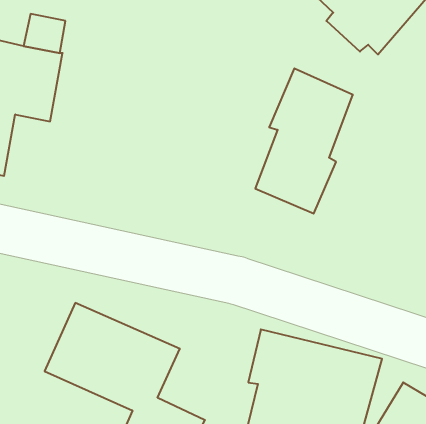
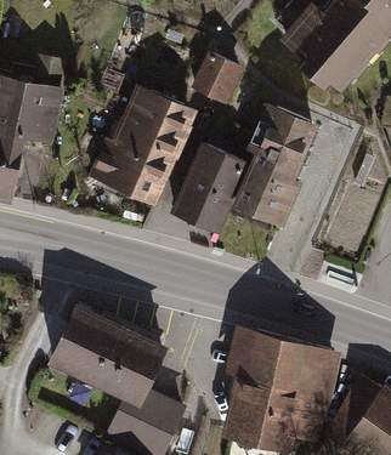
building: none -> [189,51,244,107]
building: none -> [86,85,197,206]
building: none -> [169,142,245,234]

